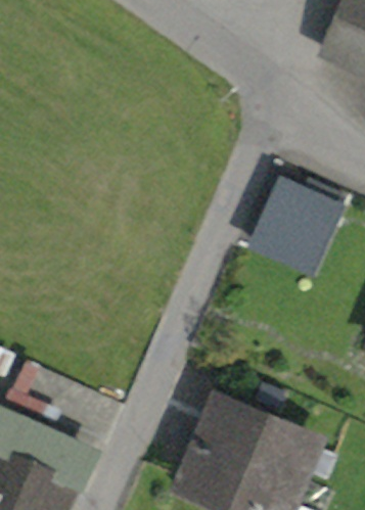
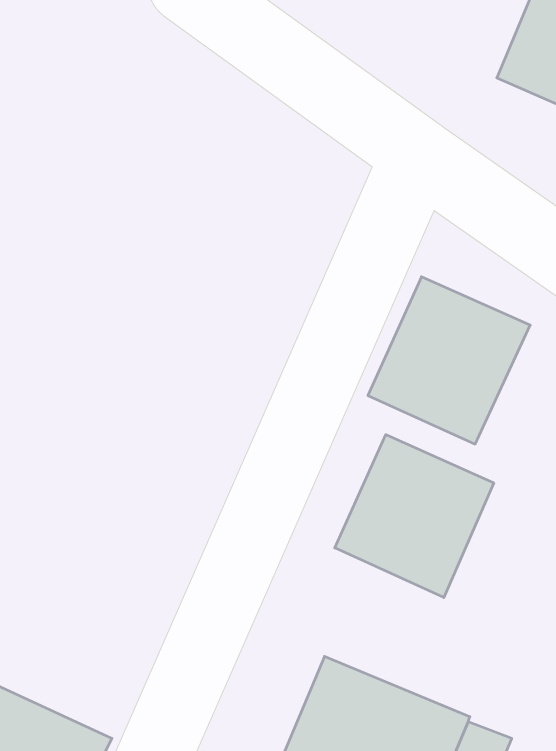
building: none -> [335,435,494,598]

